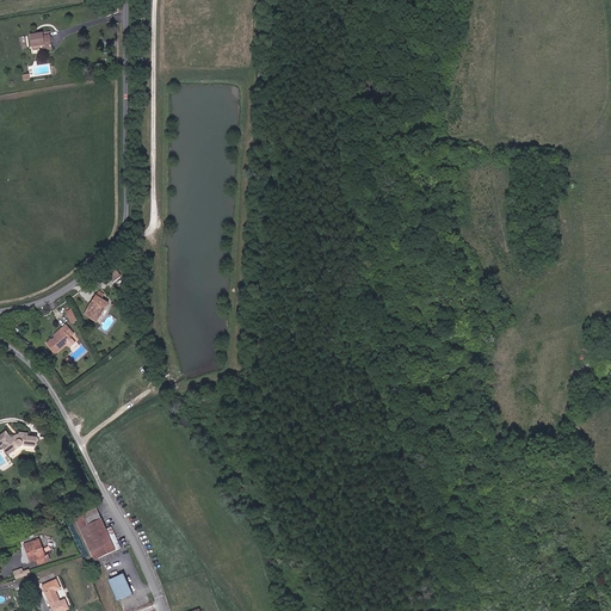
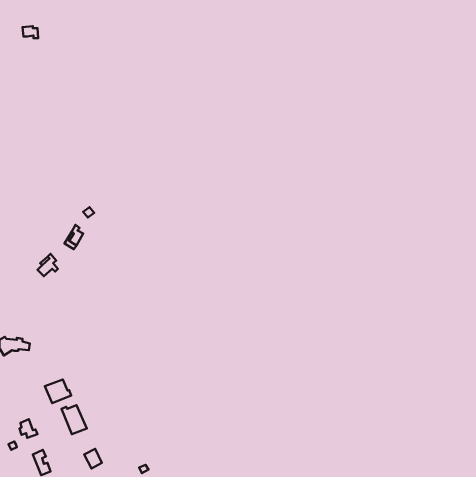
building: none -> [45,380,71,403]

